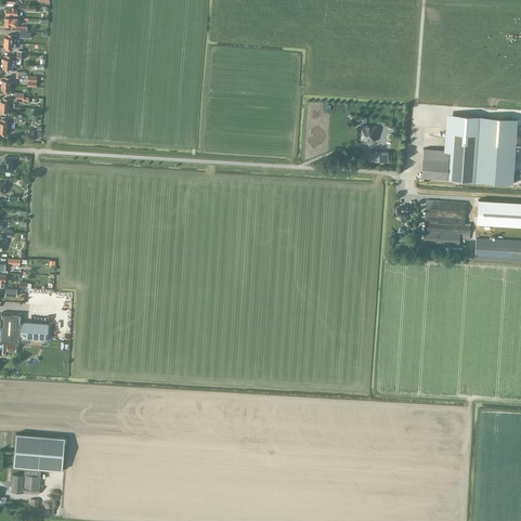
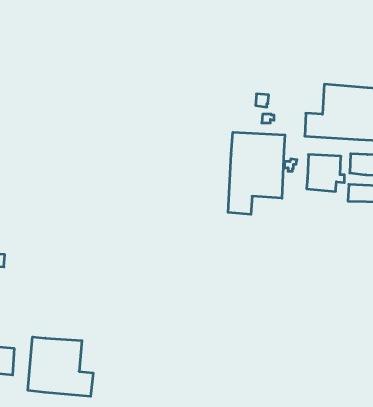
building: none -> [228,132,285,214]
building: none -> [28,337,93,396]

